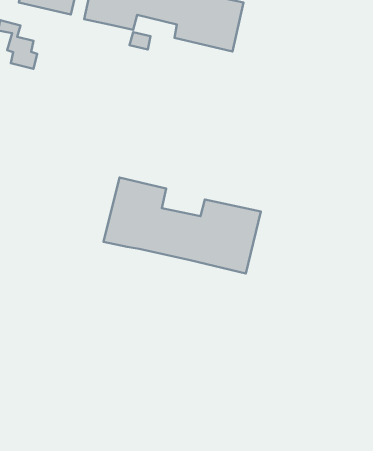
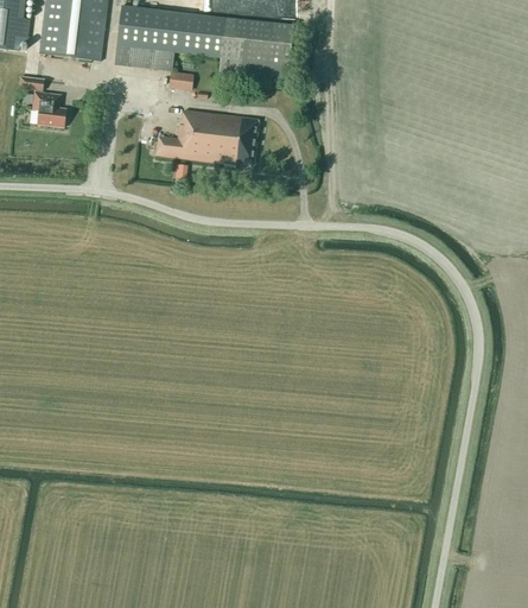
building: none -> [155,109,259,164]
building: [104,177,261,274] -> none

